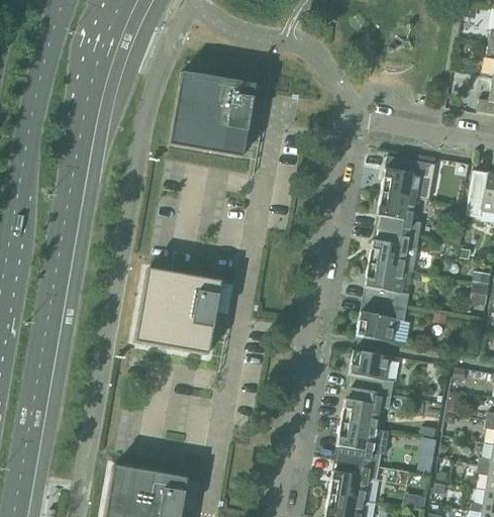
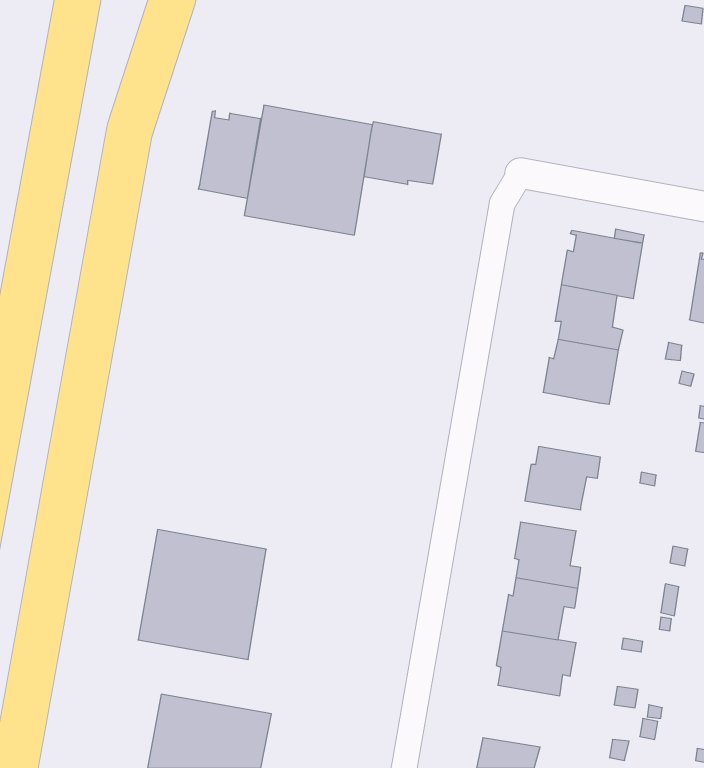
building: none -> [198,111,260,198]
building: none -> [364,122,441,185]
building: [366,263,410,306] -> none
building: [135,268,221,354] -> [138,530,266,659]
building: [329,458,381,500] -> none

